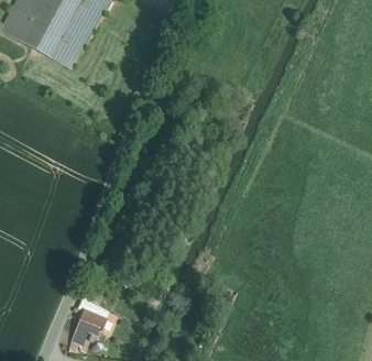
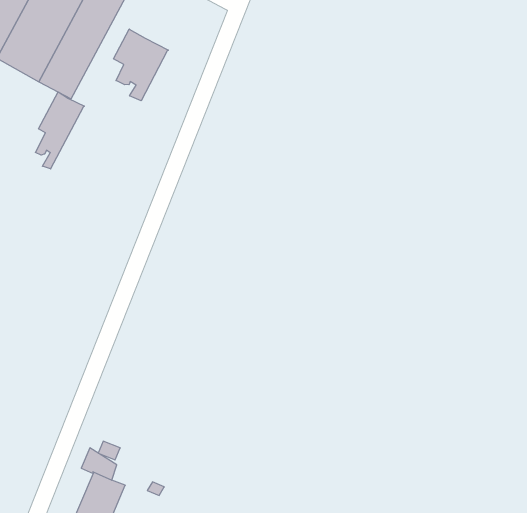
building: none -> [114,29,168,101]
building: none -> [35,92,84,169]

